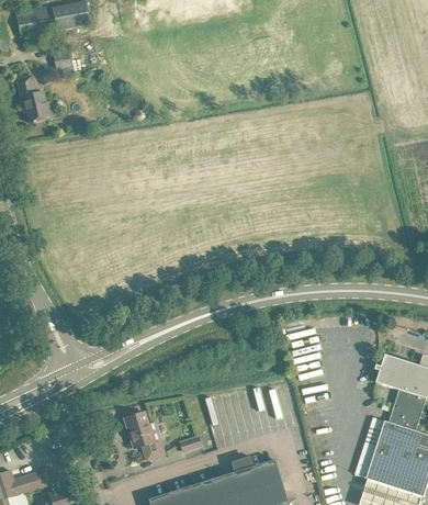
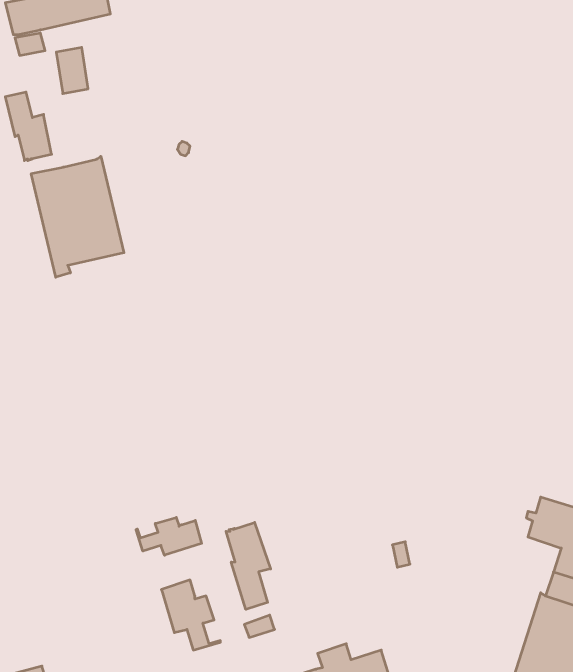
building: none -> [31,156,124,277]
building: none -> [136,517,202,555]
building: none -> [226,522,271,609]

